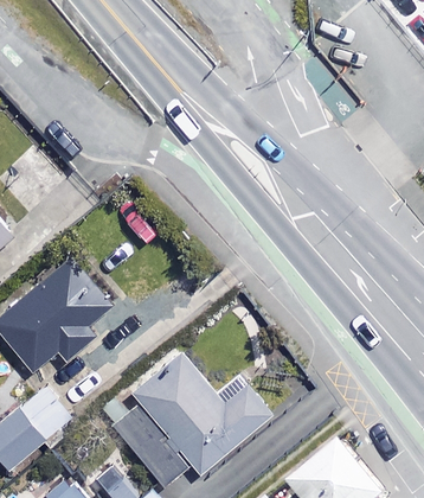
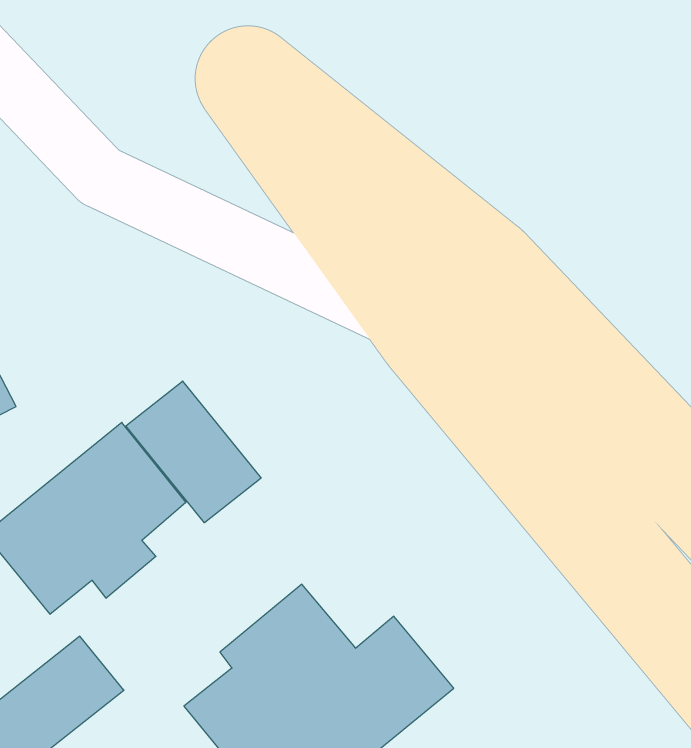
building: none -> [126,381,261,523]

